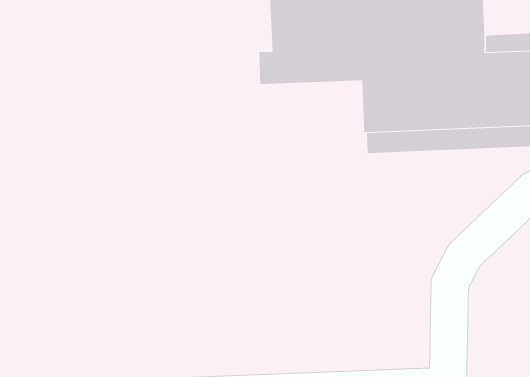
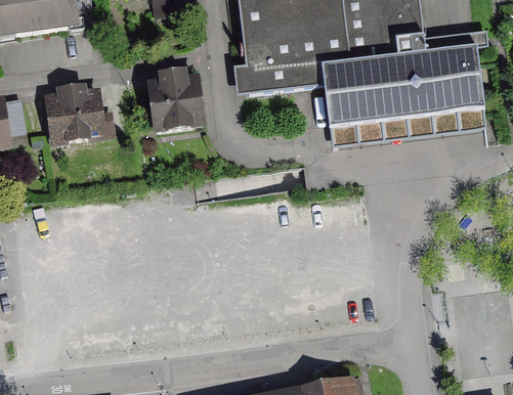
building: none -> [151,72,207,130]
building: none -> [45,82,104,140]

